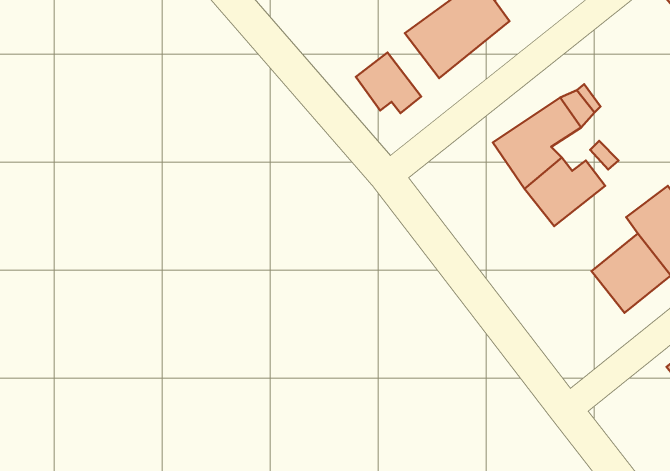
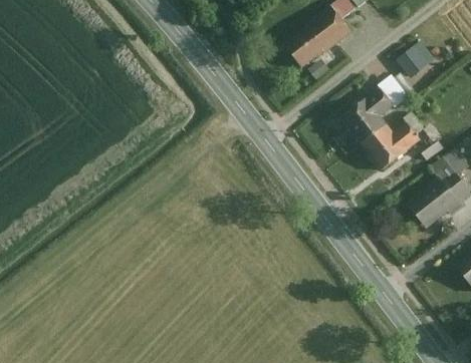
building: none -> [397,39,434,75]
building: [356,53,421,113] -> none

